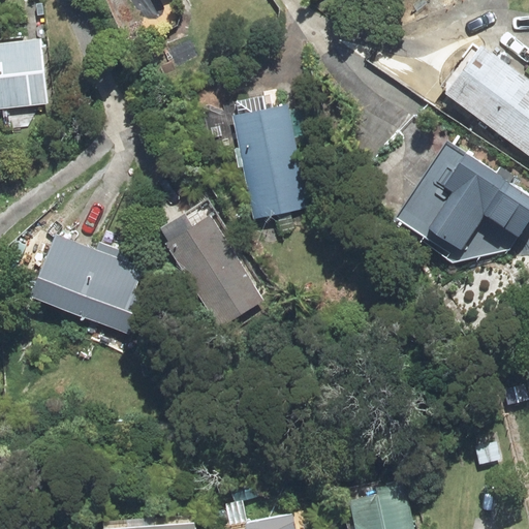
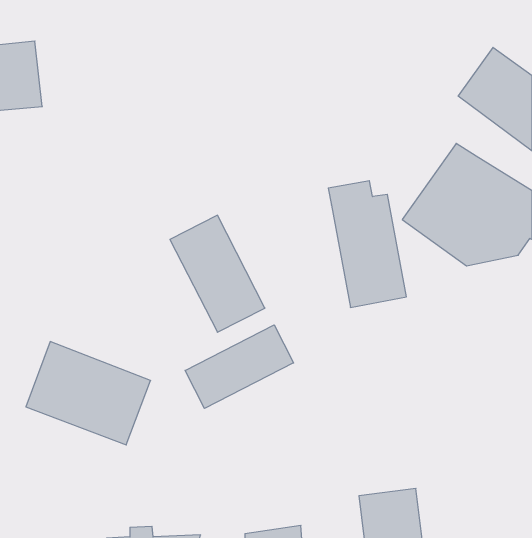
building: [230,95,307,219] -> [328,181,406,307]
building: [34,234,156,335] -> [26,342,151,445]
building: none -> [185,325,294,408]

